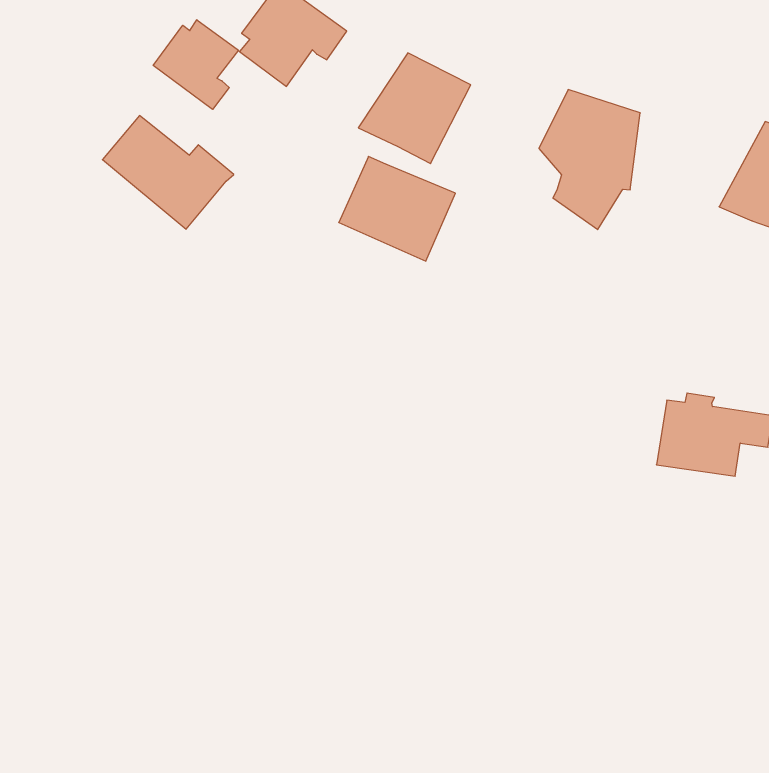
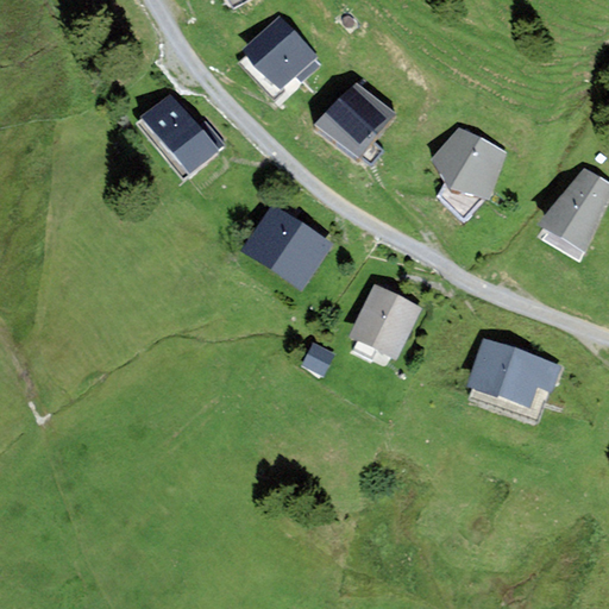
building: [153,20,239,109] -> none
building: [339,156,455,261] -> [245,208,326,284]
building: none -> [356,291,412,350]

